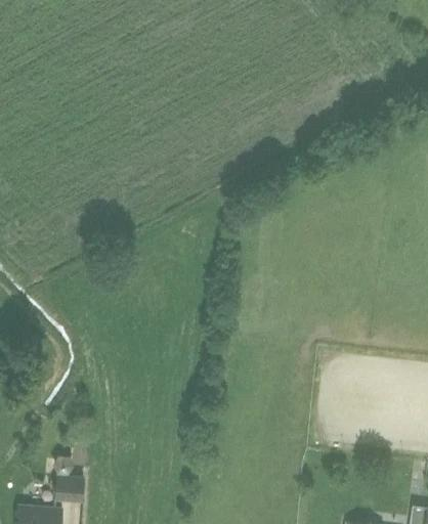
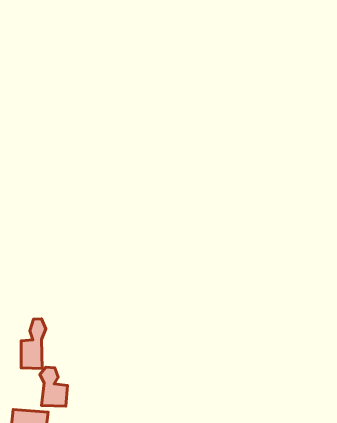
building: none -> [21,319,46,369]

